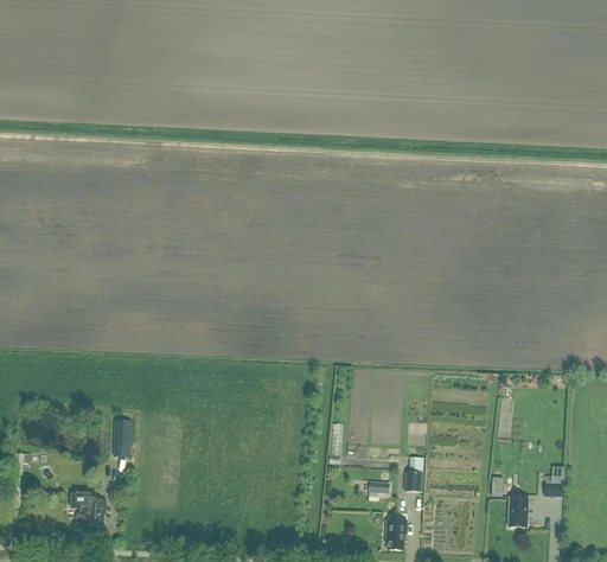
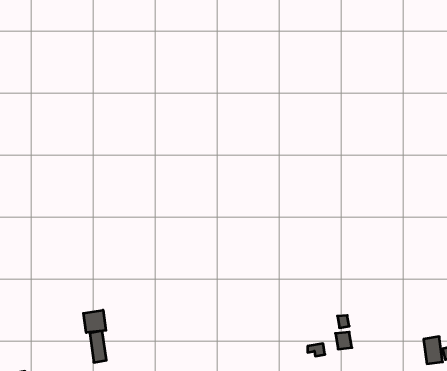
building: none -> [83,310,106,333]

